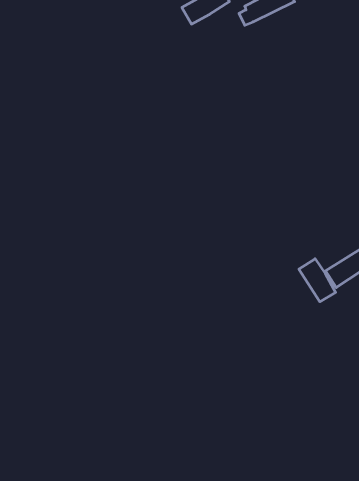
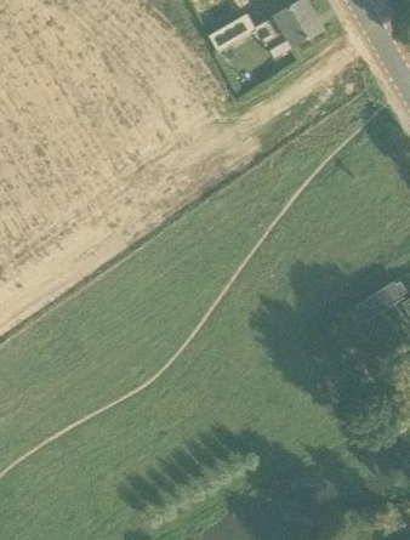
building: [299,259,336,302] -> none

